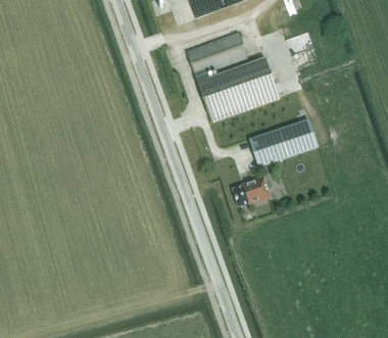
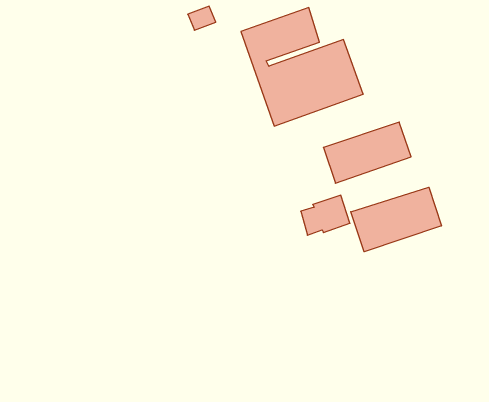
building: none -> [351,187,441,252]

